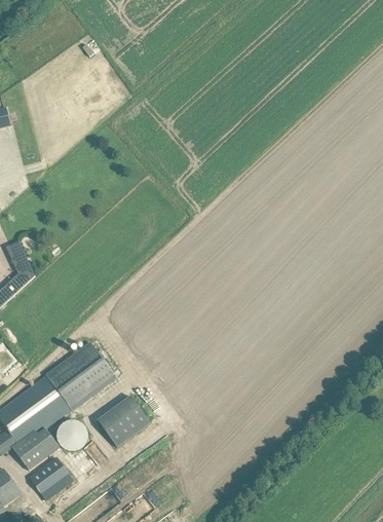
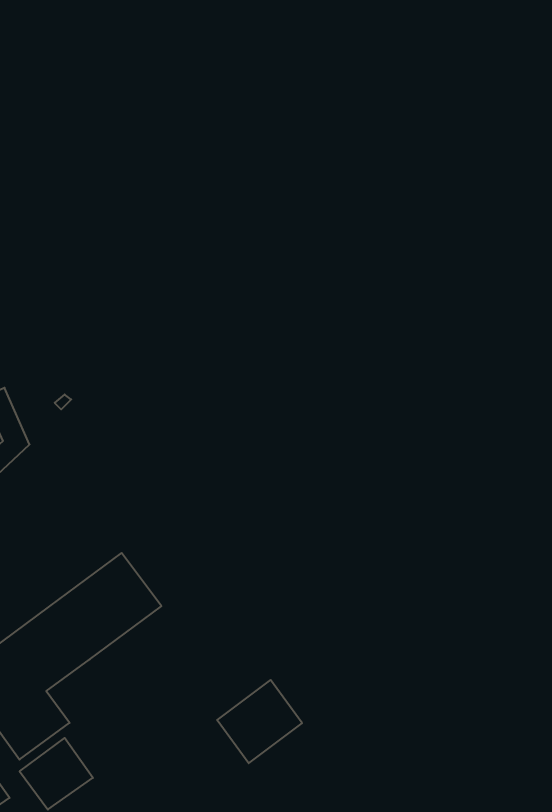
building: [97,396,149,447] -> [217,680,302,763]
building: [58,416,85,444] -> none

